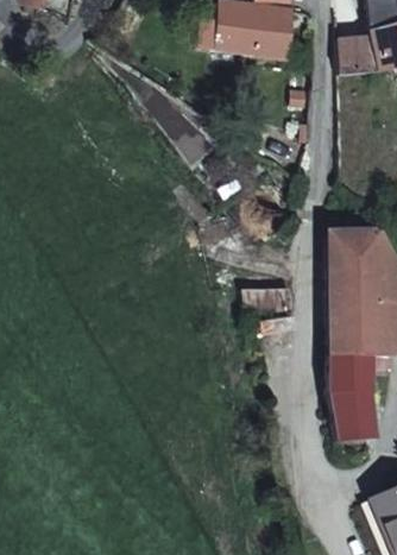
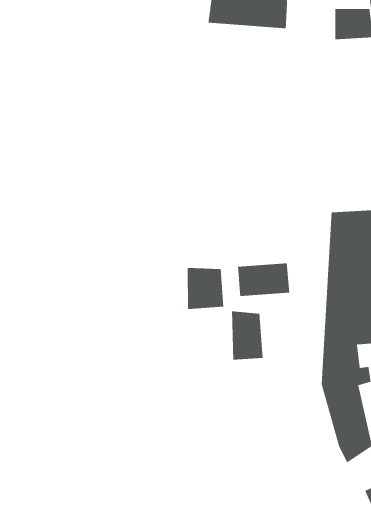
building: none -> [187,267,224,310]
building: none -> [231,311,263,361]

